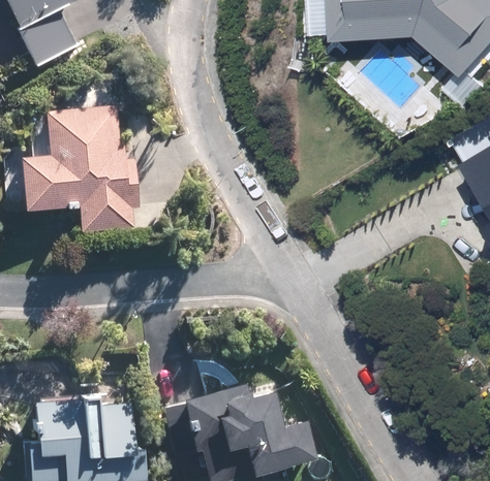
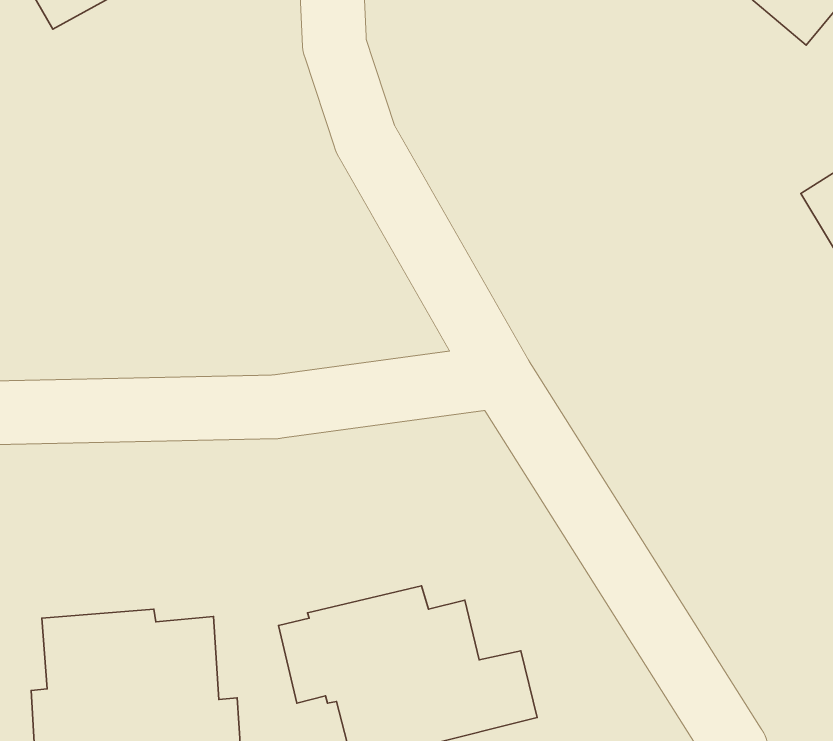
building: [20,106,143,232] -> none

